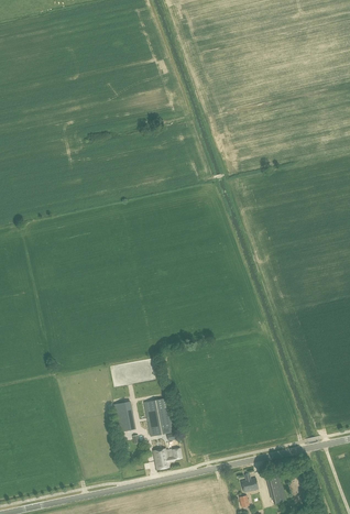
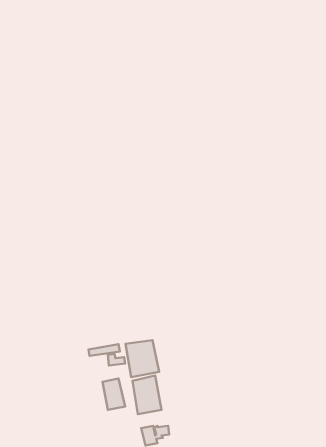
building: none -> [125,340,159,377]

